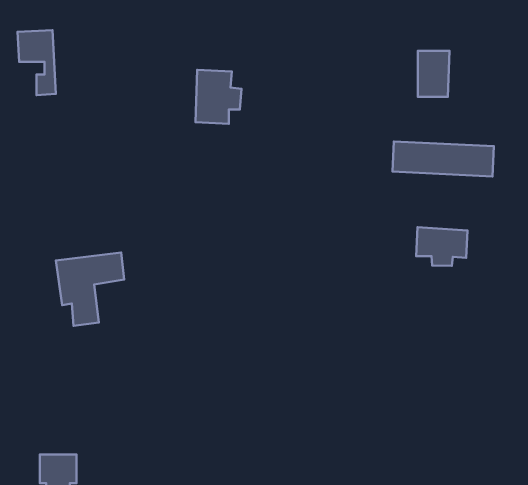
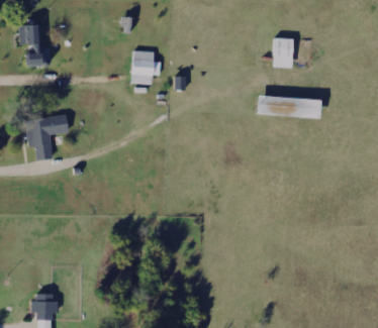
building: [416,227,468,266] -> none
building: [56,253,124,326] -> [25,114,69,160]

